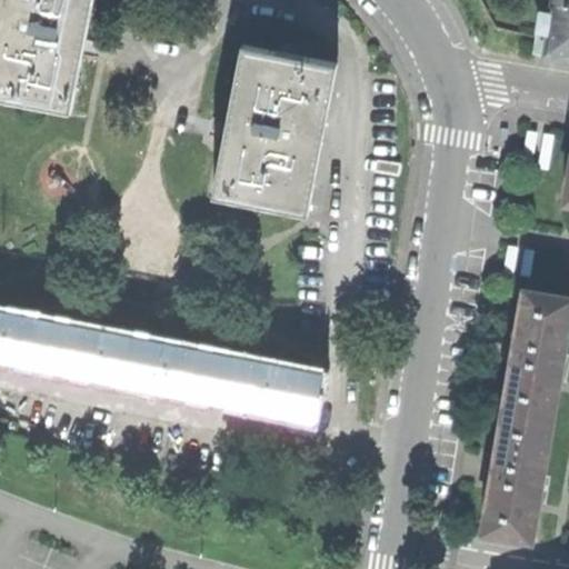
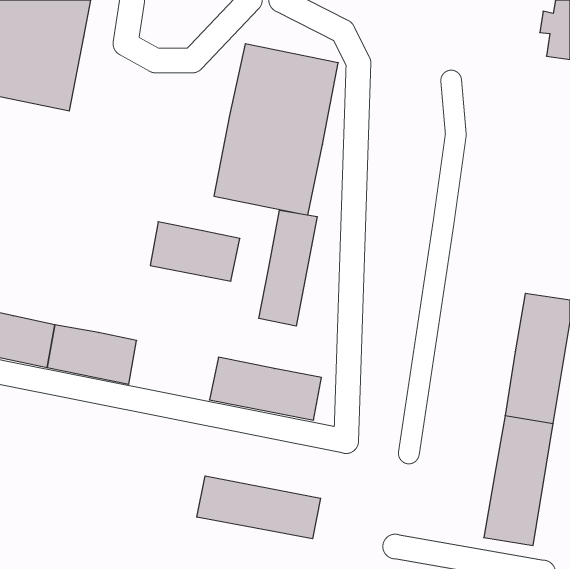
building: none -> [259,210,317,326]
building: [128,341,217,400] -> [150,222,240,281]
building: none -> [197,476,321,539]

